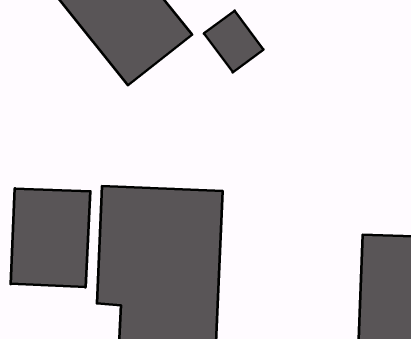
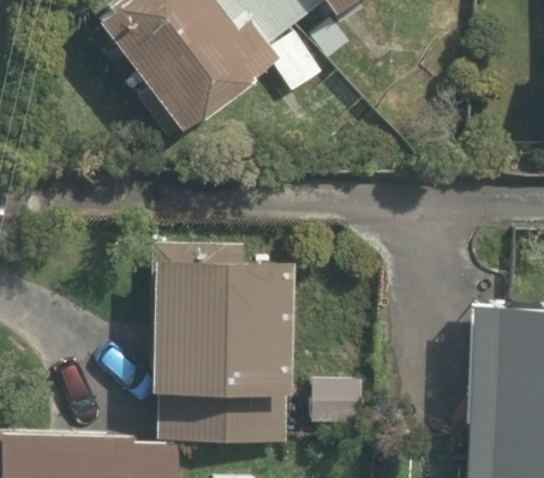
building: [11,188,90,287] -> none

